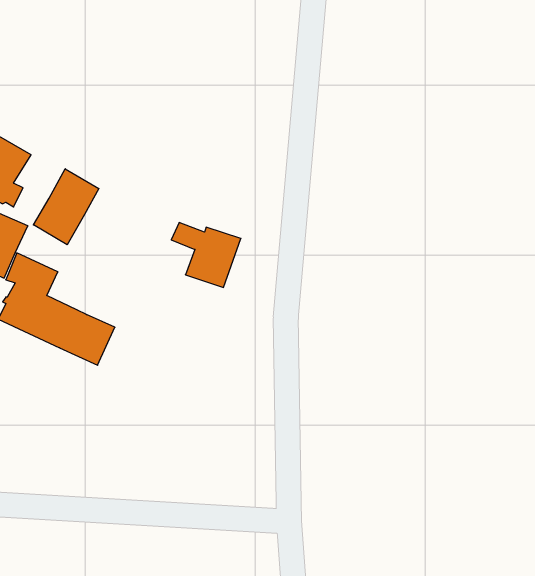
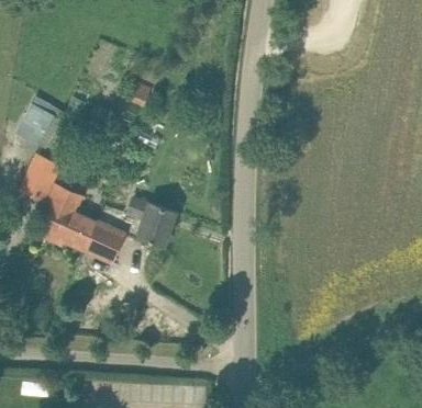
building: [33,169,99,245] -> none
building: [171,223,241,287] -> [127,201,176,246]

